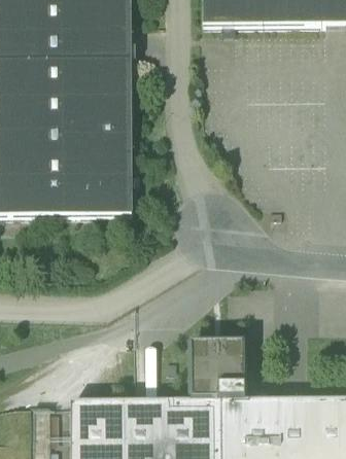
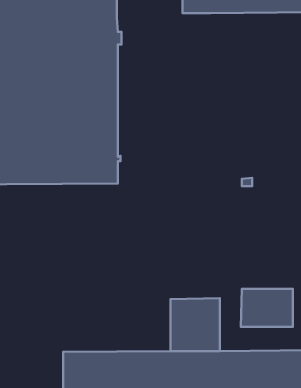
building: none -> [241,289,293,327]

